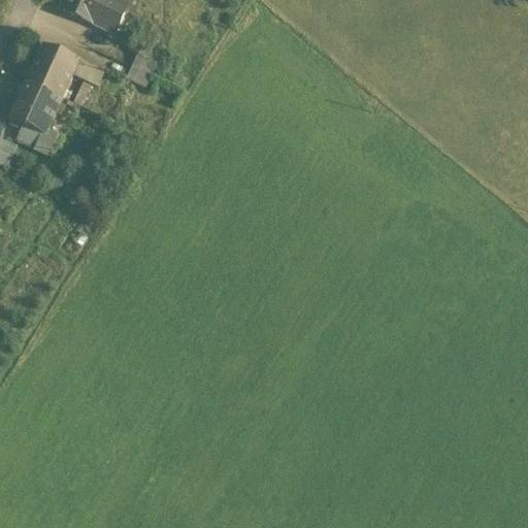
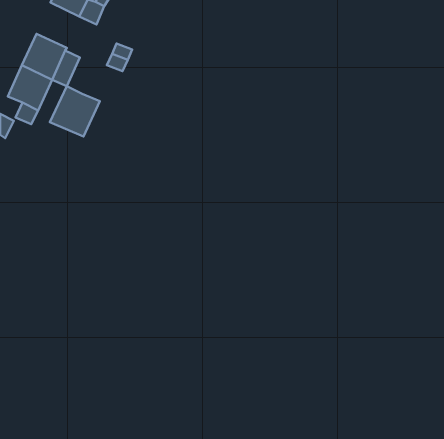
building: none -> [50,86,100,137]

